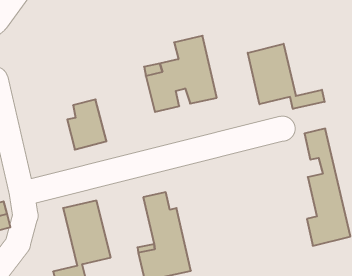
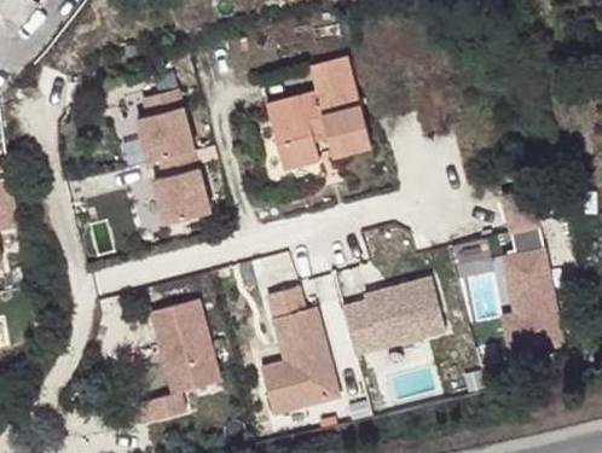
building: [248,44,325,109] -> none
building: none -> [140,88,196,161]
building: none -> [338,280,438,355]

